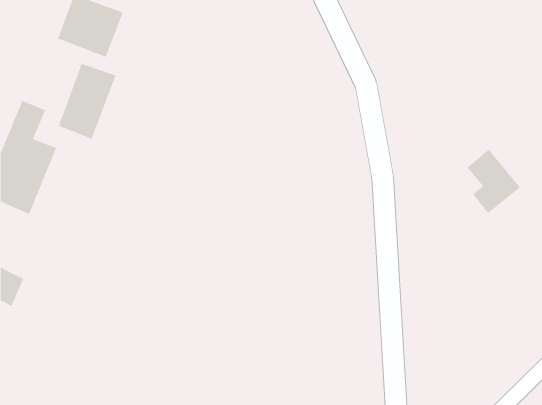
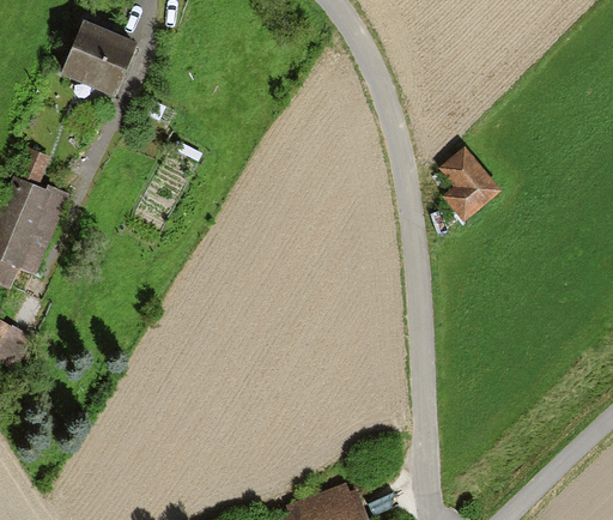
building: [58,63,116,140] -> none
building: [467,149,521,214] -> [441,147,499,218]

